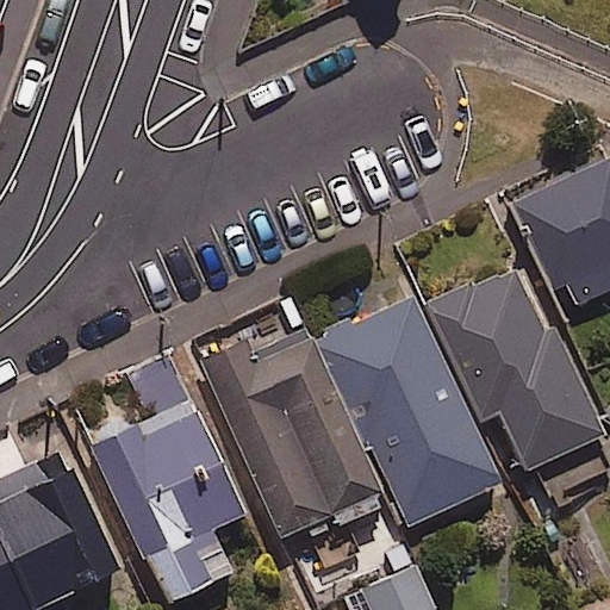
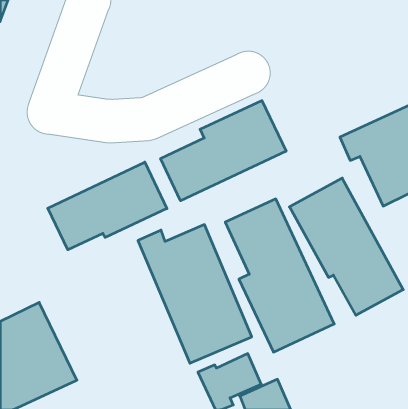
building: none -> [161,101,286,201]
building: none -> [48,162,167,250]
building: [92,400,243,602] -> none

